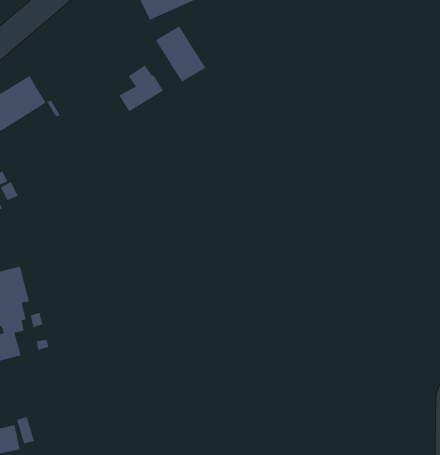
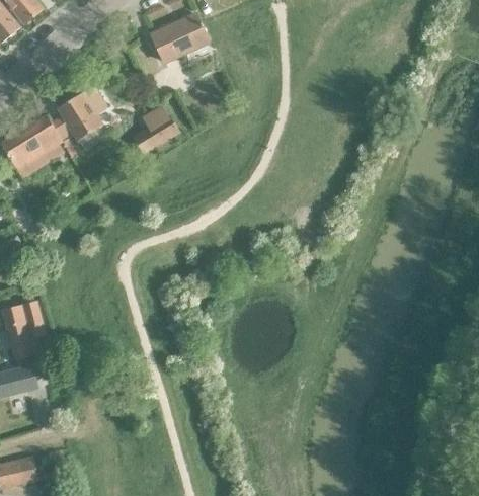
building: [155,25,206,82] -> none
building: none -> [51,84,107,139]

